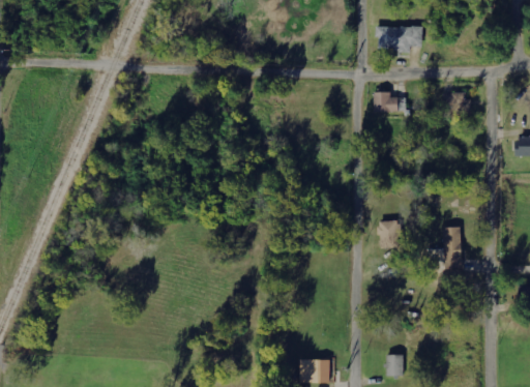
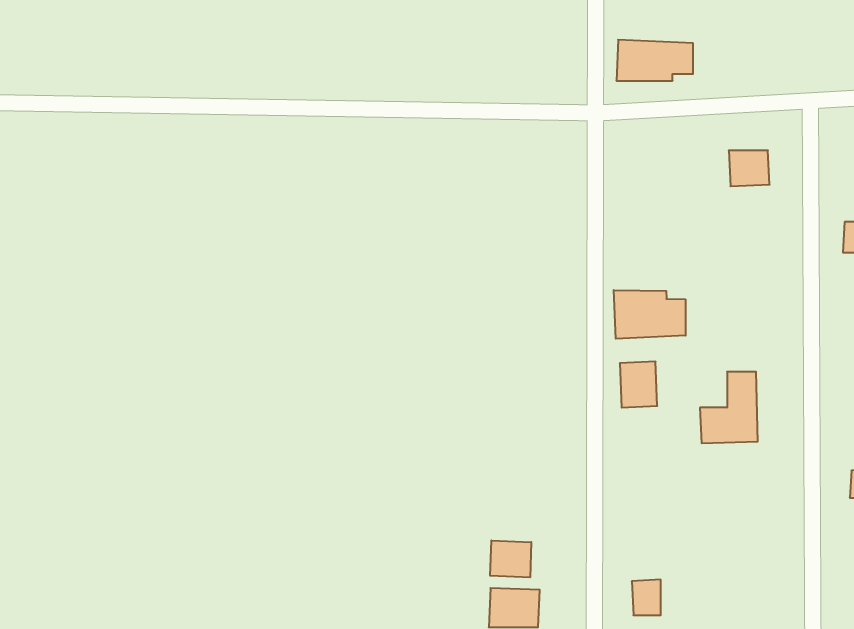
building: [374,93,399,112] -> none
building: none -> [614,290,686,339]
building: none -> [490,540,531,577]

